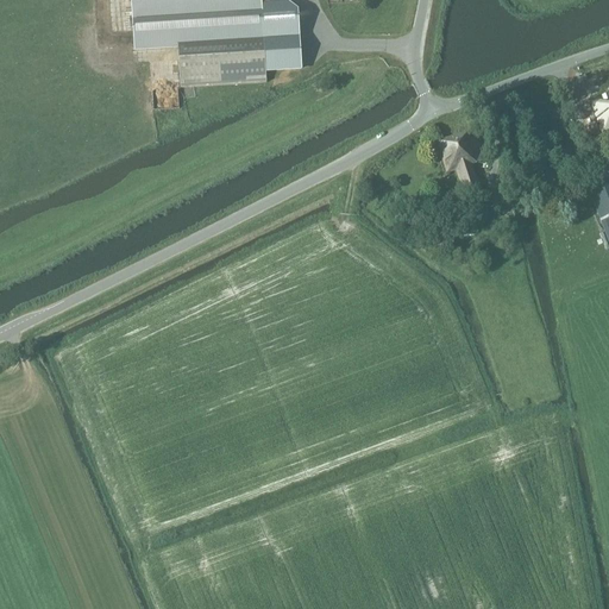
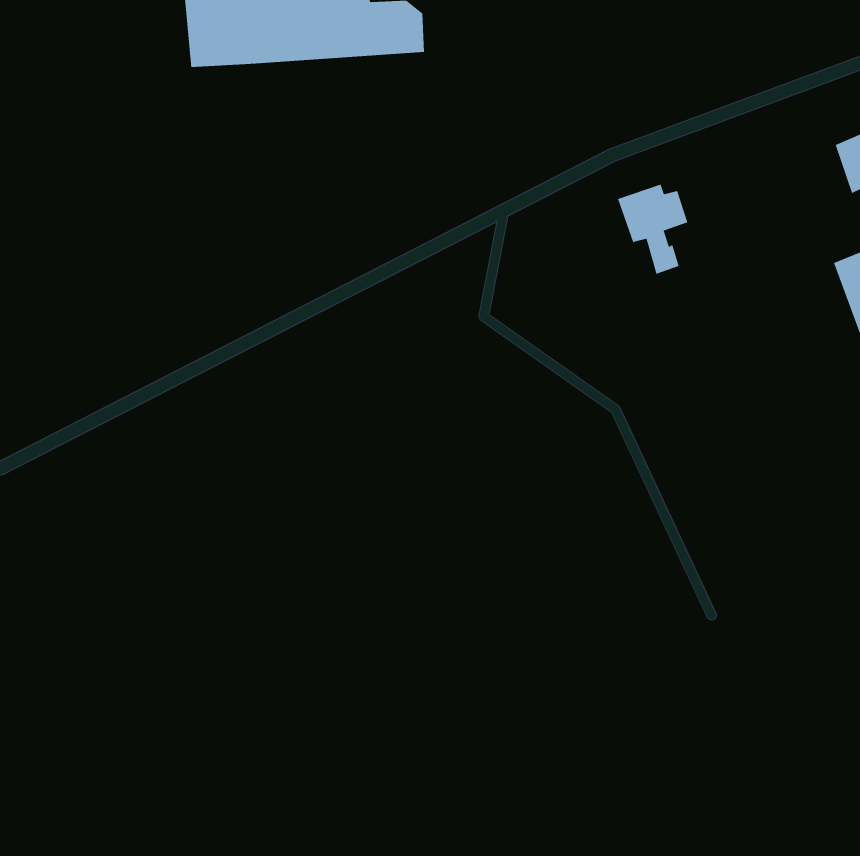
building: [178,37,303,86] -> none

